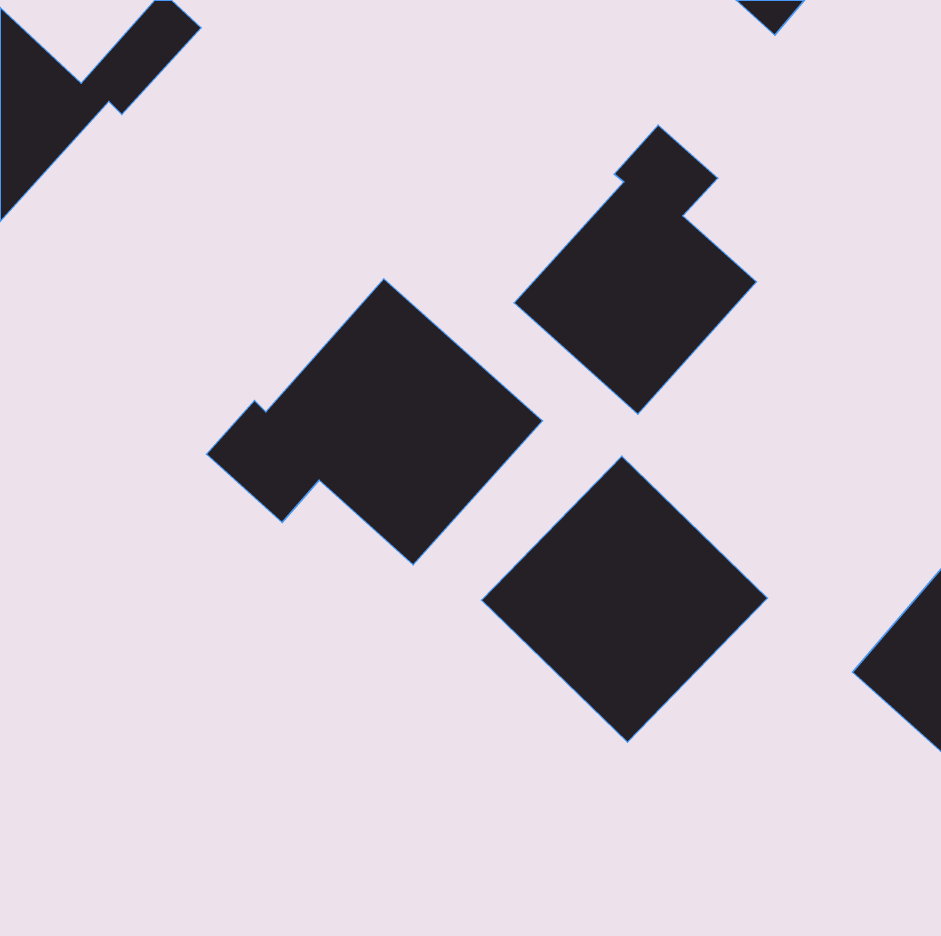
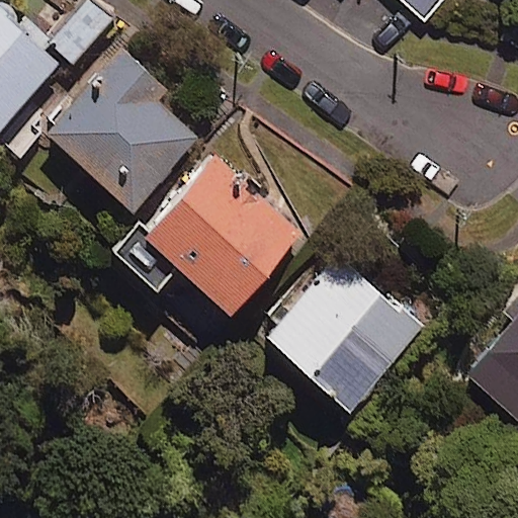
building: none -> [46,51,198,211]
building: [514,125,757,414] -> none

